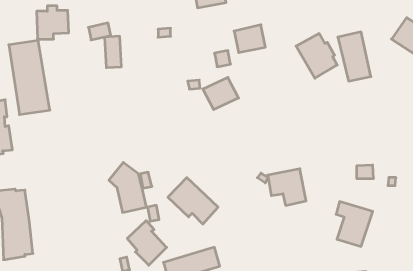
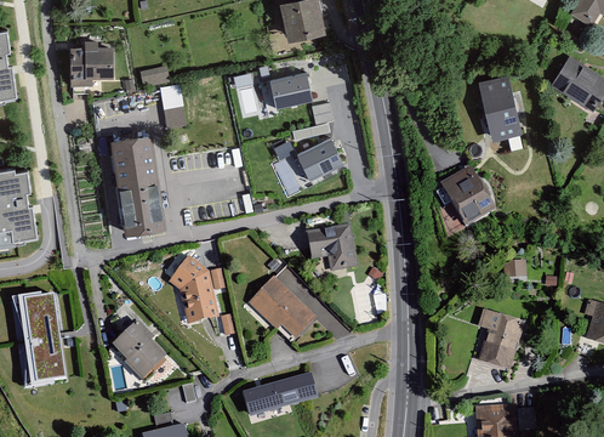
building: [234,25,265,53] -> [269,72,312,109]
building: [296,34,337,78] -> [439,164,495,225]
building: [9,40,50,115] -> [110,137,166,238]
building: [268,169,306,205] -> [306,221,358,271]
building: [127,221,167,265] -> [112,317,165,378]

